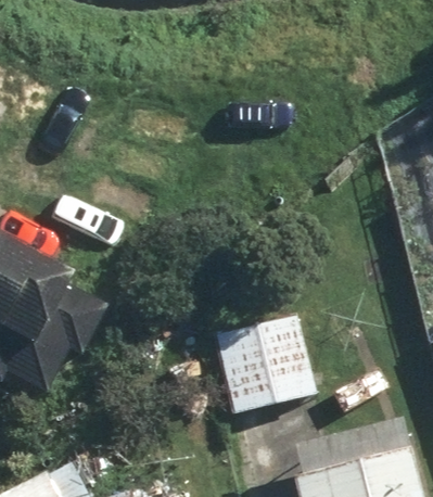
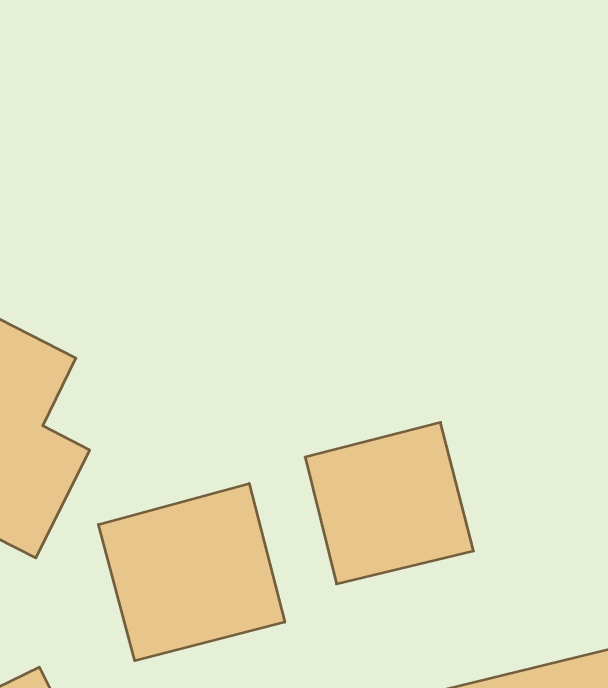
building: none -> [98,483,285,661]

